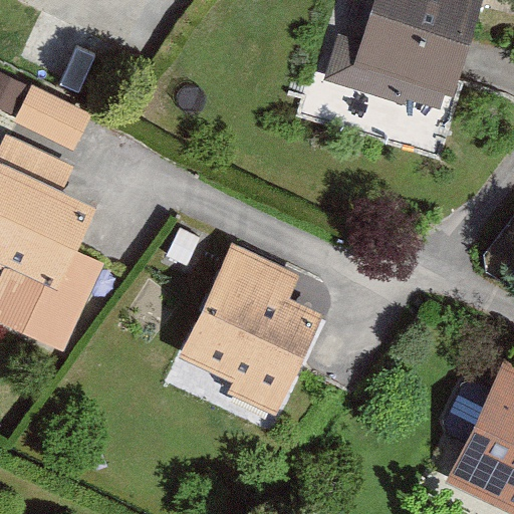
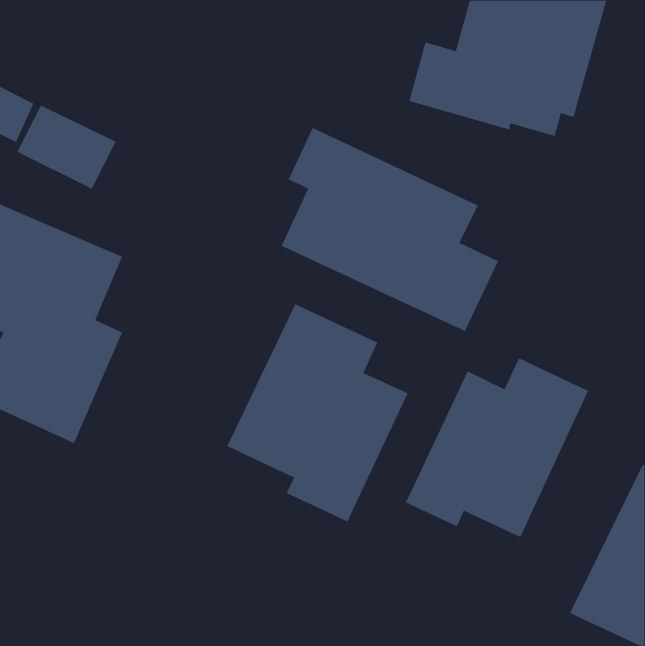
building: none -> [281,127,499,332]
building: none -> [405,358,589,538]

